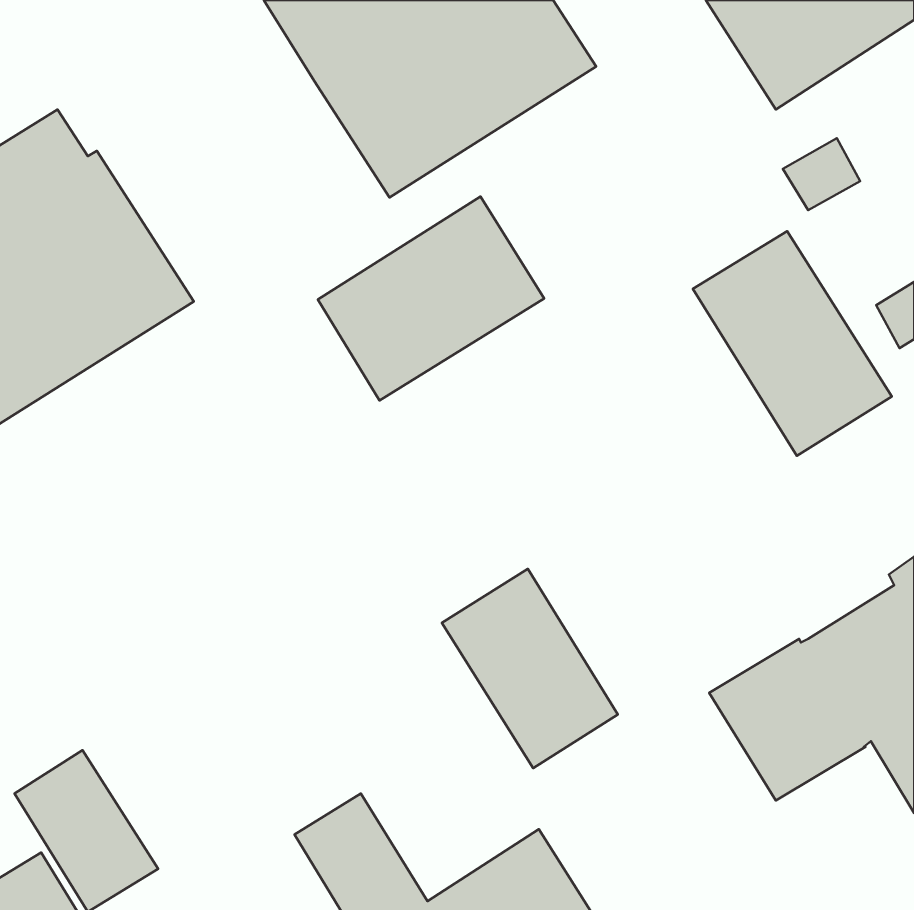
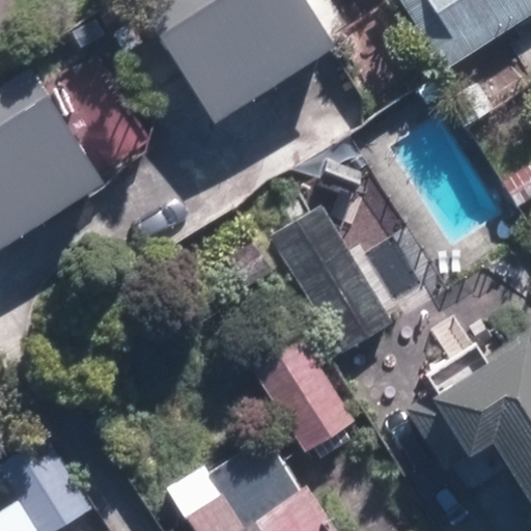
building: [318,196,544,400] -> none
building: [693,231,892,456] -> none
building: none -> [272,205,394,353]

